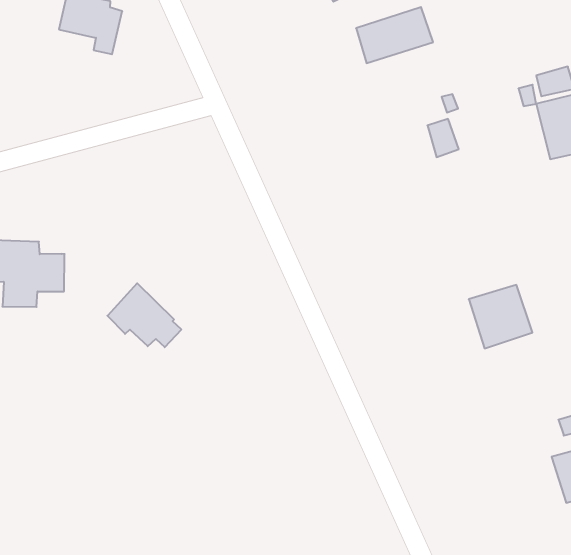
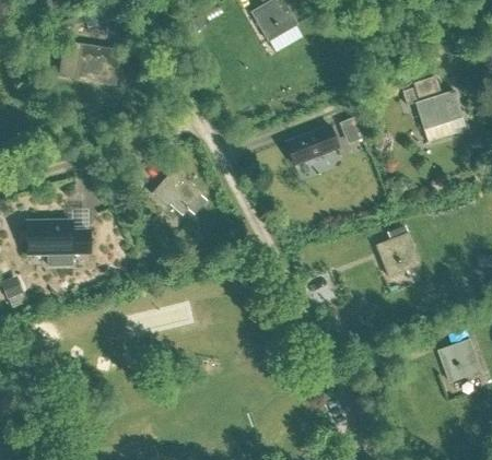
building: [356,7,433,63] -> [284,125,339,166]
building: [107,283,181,347] -> [153,170,206,214]

